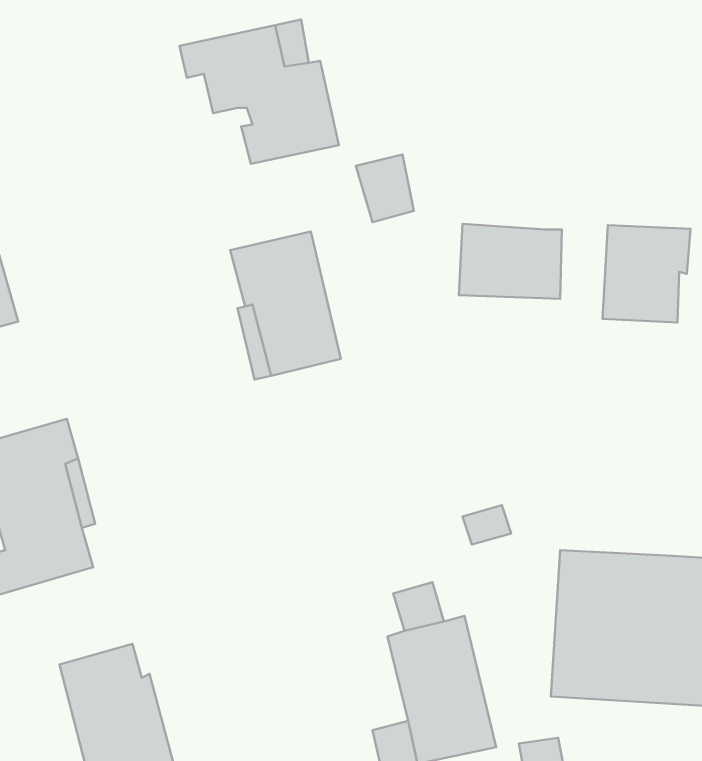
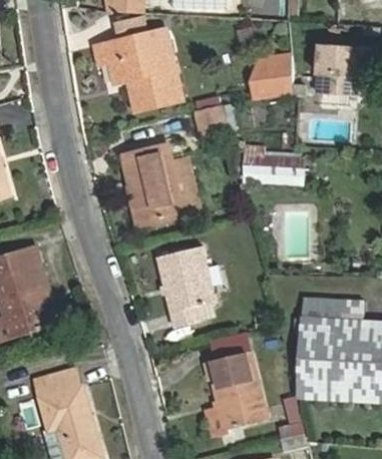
building: none -> [251,51,292,97]
building: [602,225,690,323] -> [314,42,361,94]
building: none -> [158,247,216,327]
building: none -> [301,296,362,320]

